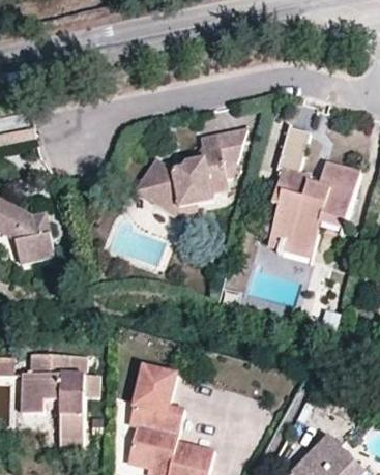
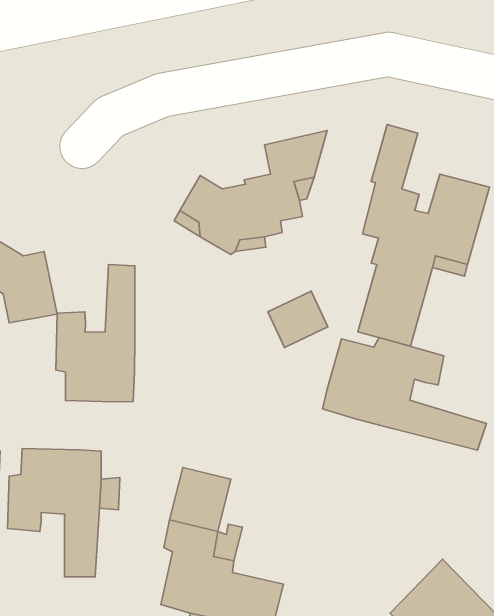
building: none -> [56,264,135,402]
building: none -> [268,291,328,348]
building: none -> [323,338,486,450]

